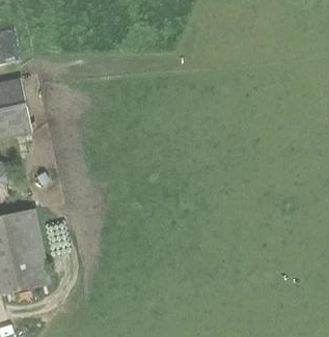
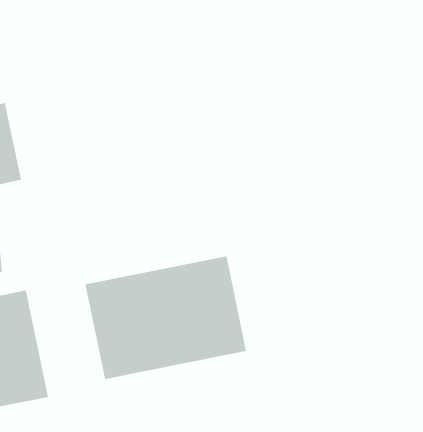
building: none -> [85,256,247,380]

